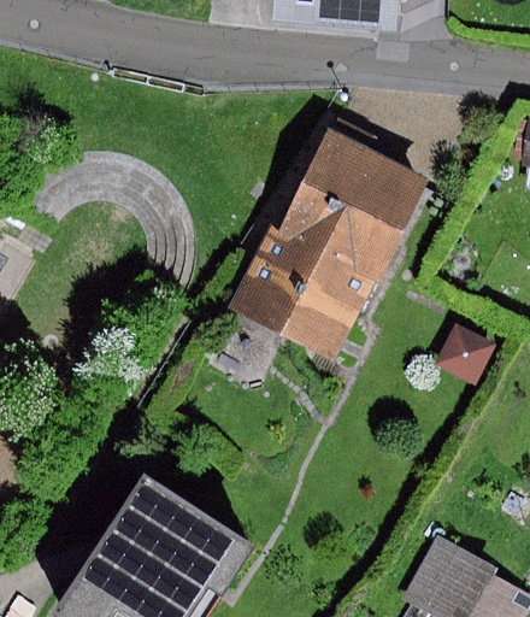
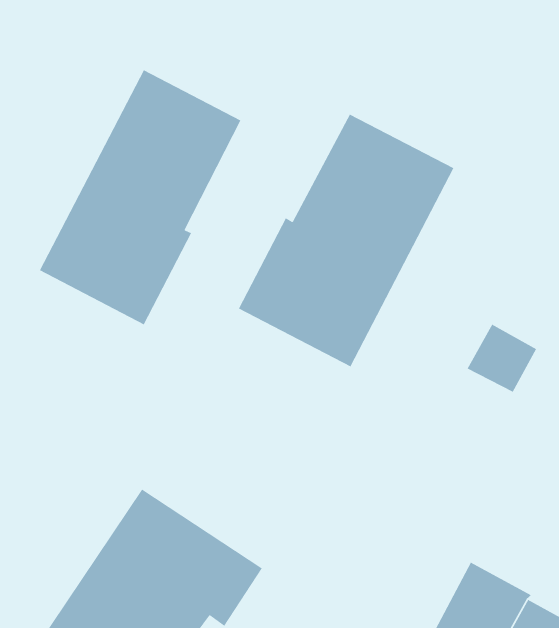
building: none -> [39,69,242,325]

